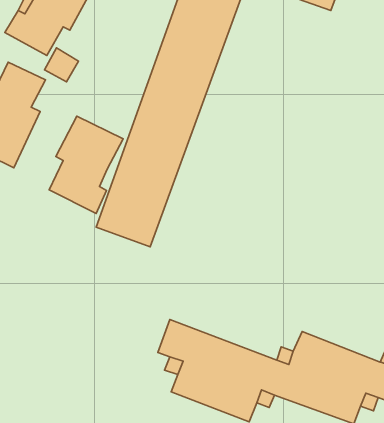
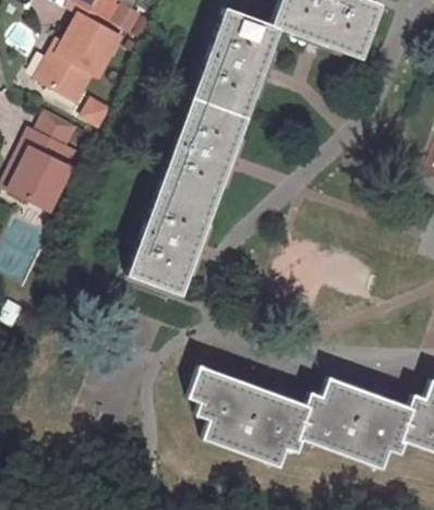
building: [49,116,123,213] -> none

